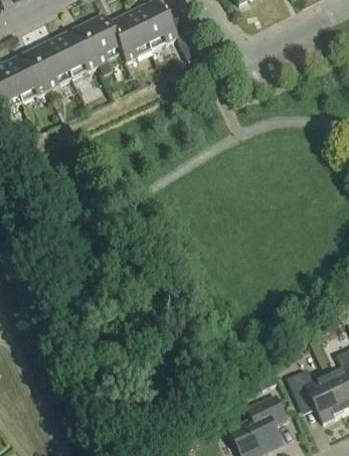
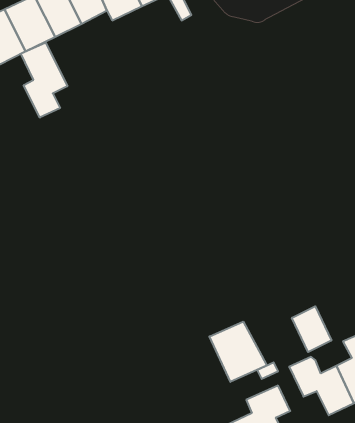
building: none -> [21,42,67,118]
building: none -> [292,306,331,352]
building: none -> [209,322,267,382]

